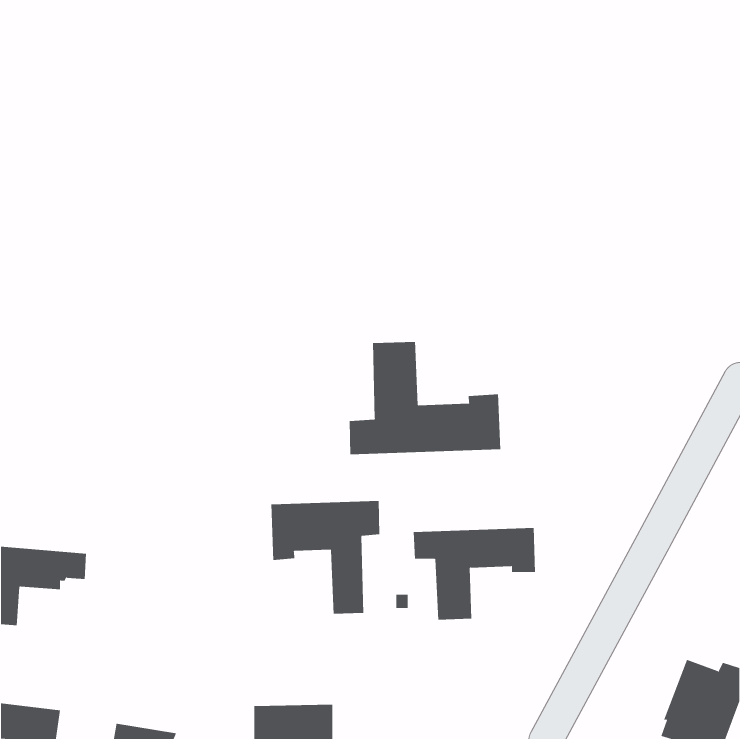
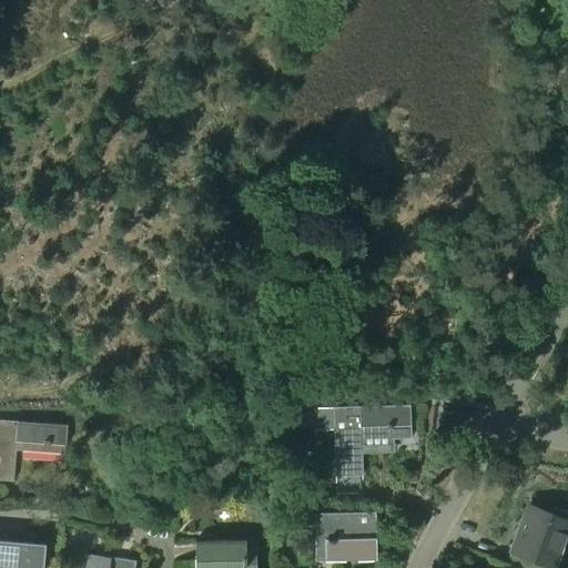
building: [349,341,501,455] -> none
building: [271,500,380,615] -> none
building: none -> [313,513,376,561]

